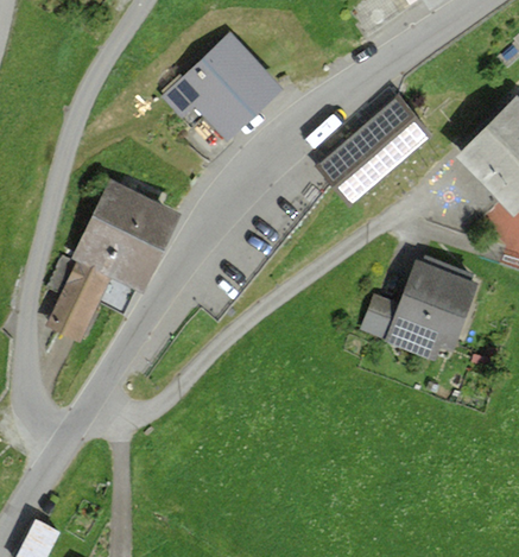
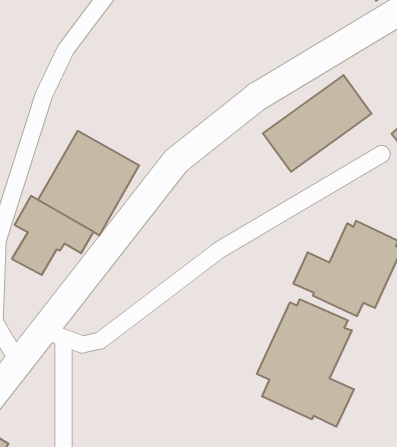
building: [164,34,280,140] -> none
building: none -> [257,299,354,427]

